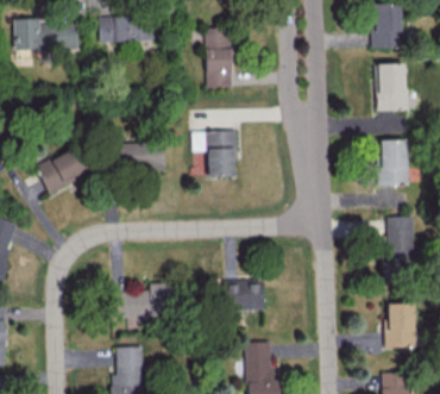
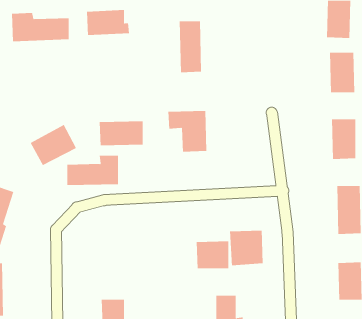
building: none -> [229,230,263,266]
building: [113,283,172,318] -> [67,155,119,185]

